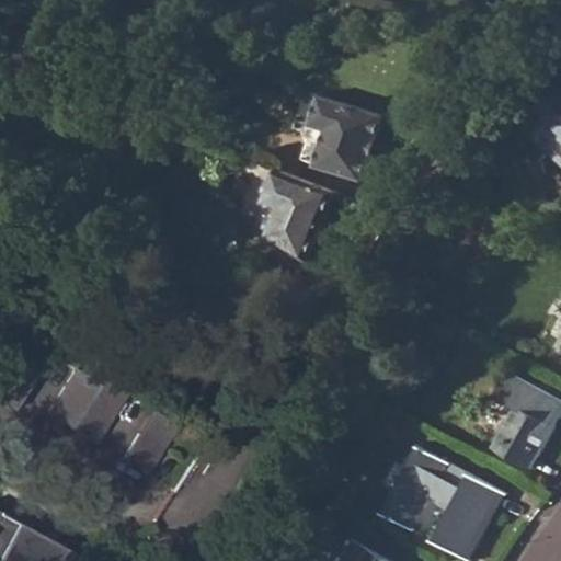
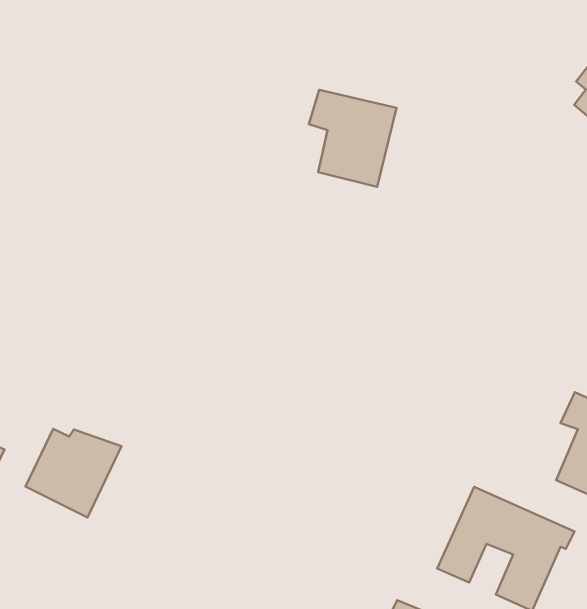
building: [259,170,333,261] -> none
building: [117,414,171,478] -> none

